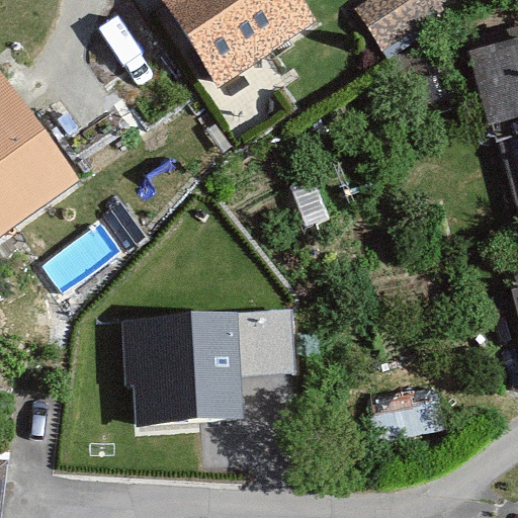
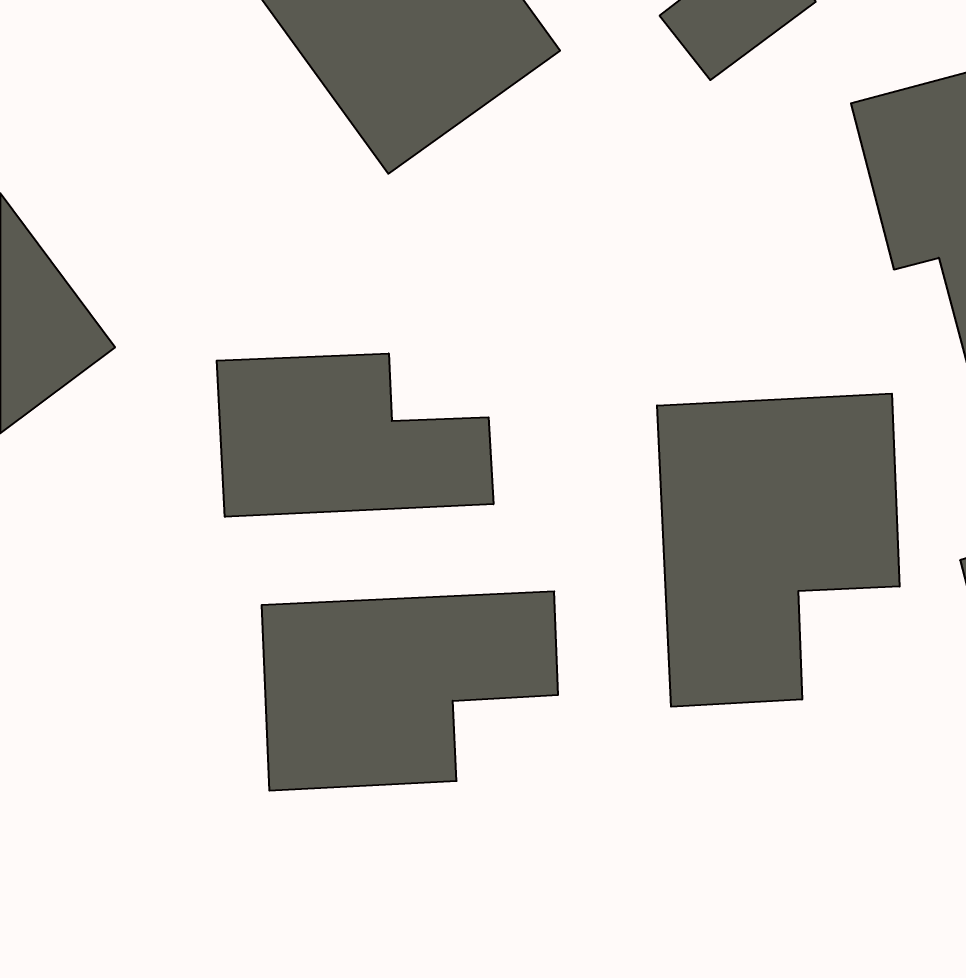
building: none -> [217,353,493,517]
building: none -> [657,394,900,707]

